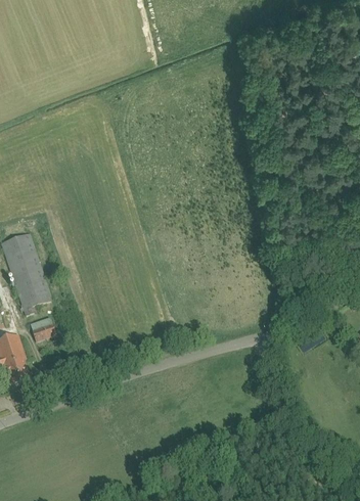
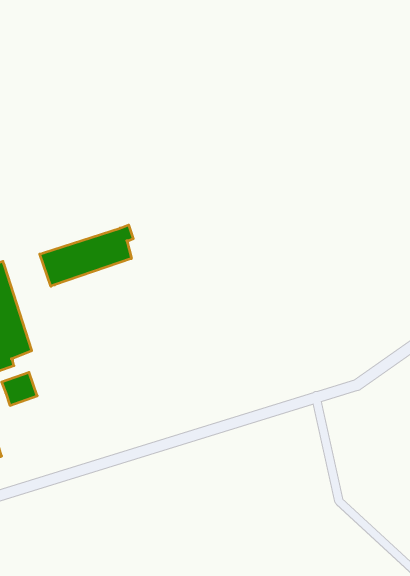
building: none -> [40,225,133,286]

